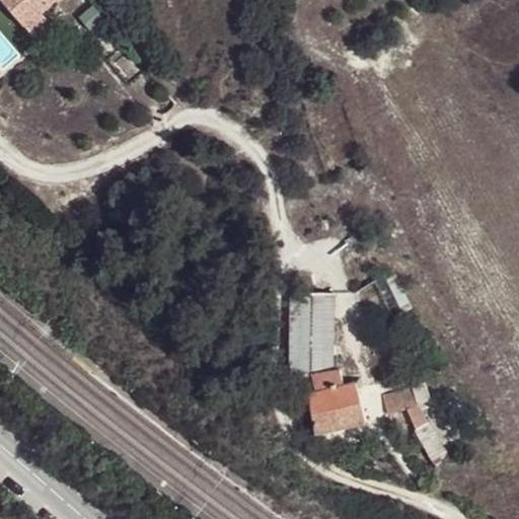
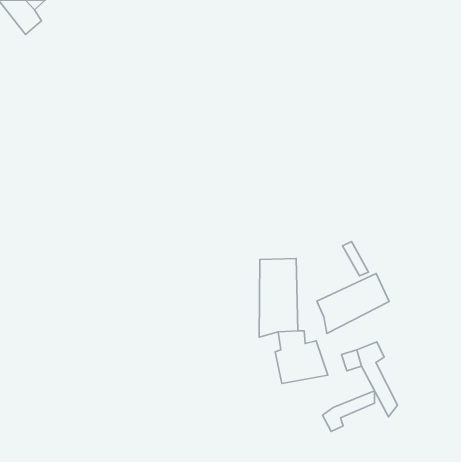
building: none -> [317,273,389,334]
building: none -> [322,391,375,432]

